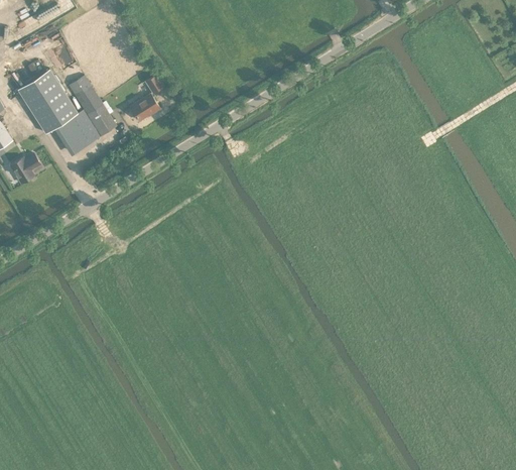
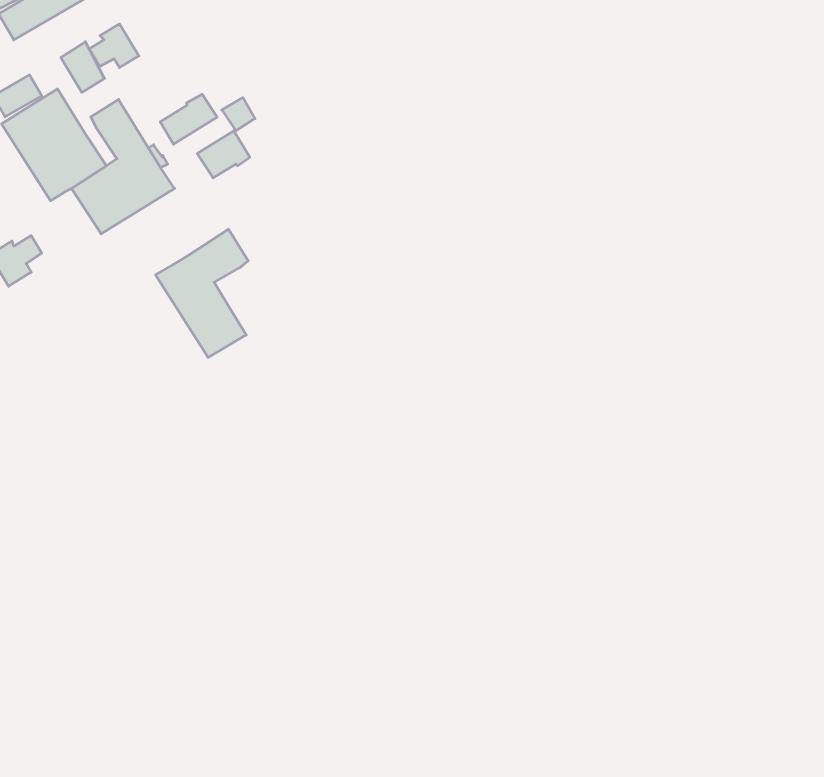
building: none -> [89,24,139,68]
building: none -> [160,94,217,144]
building: none -> [156,229,248,357]

